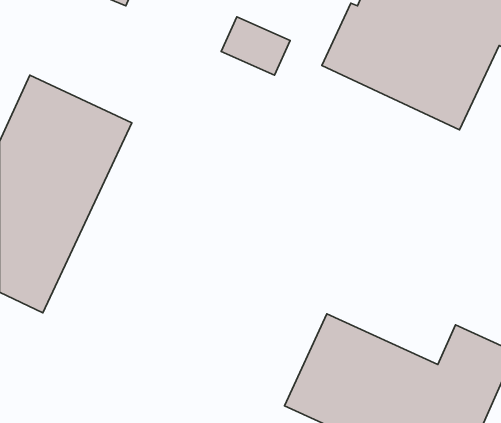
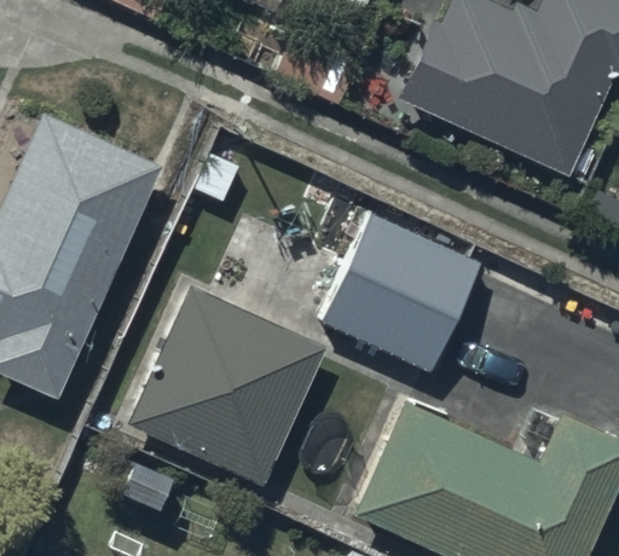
building: none -> [318,212,481,375]
building: none -> [126,288,326,486]

